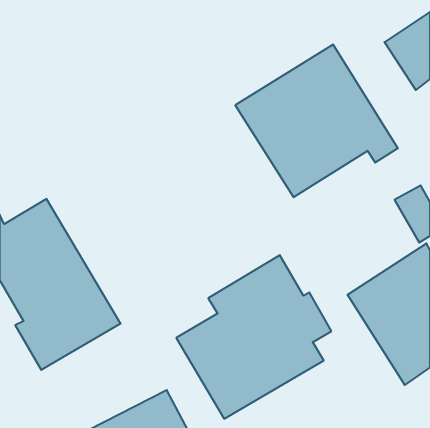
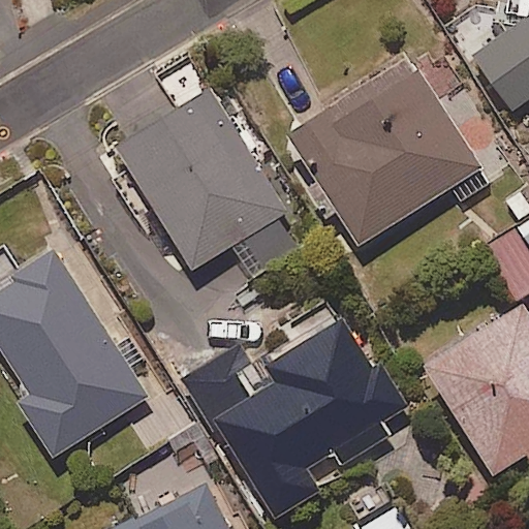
building: none -> [117,87,305,282]

